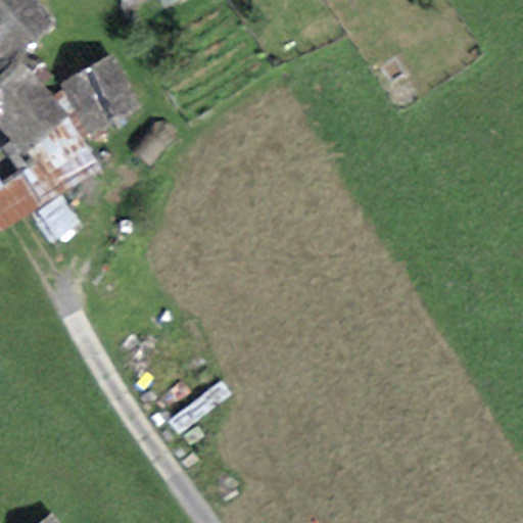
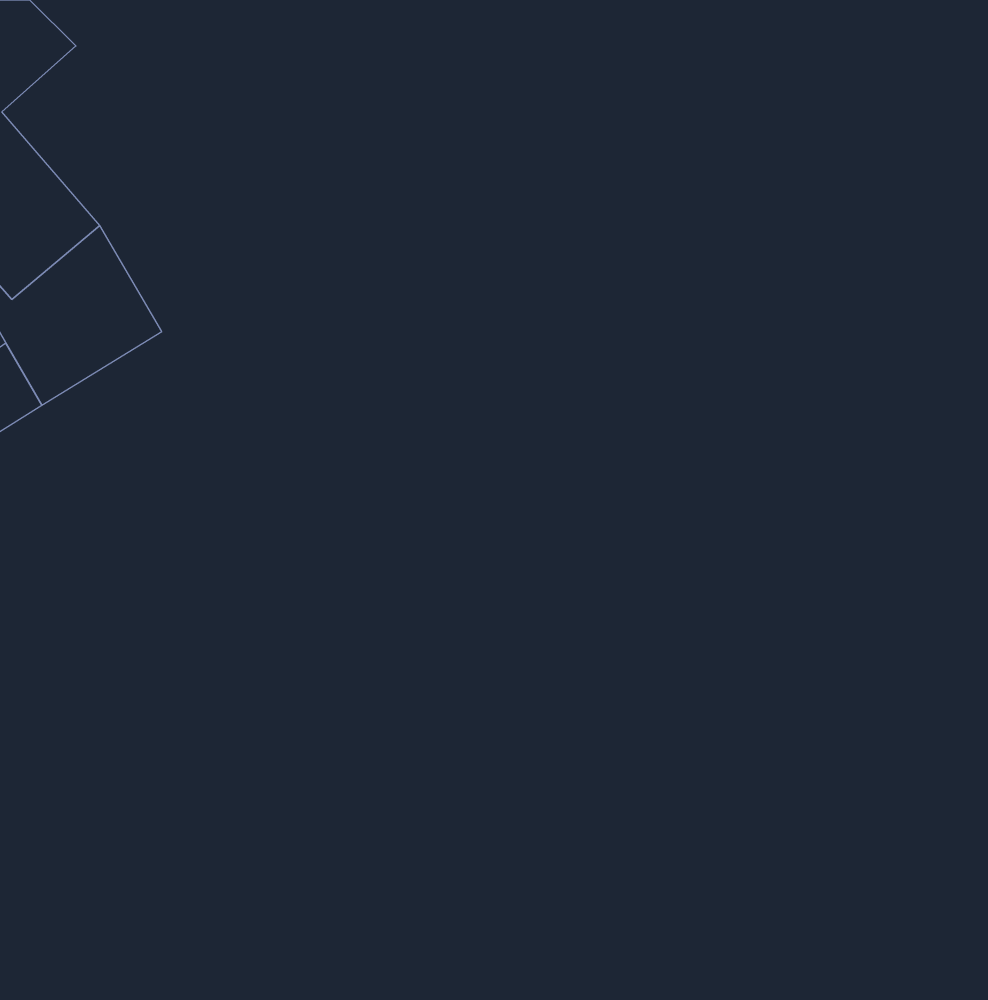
building: [42,63,122,142] -> none

